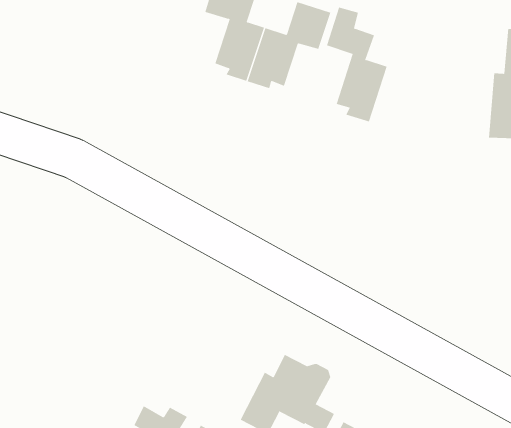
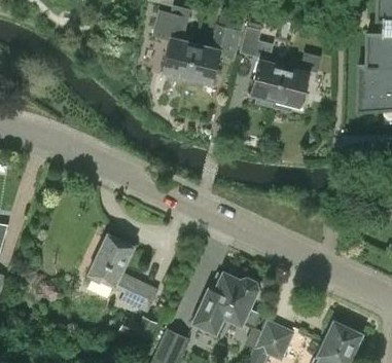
building: none -> [273,52,320,112]
building: none -> [87,234,159,313]

